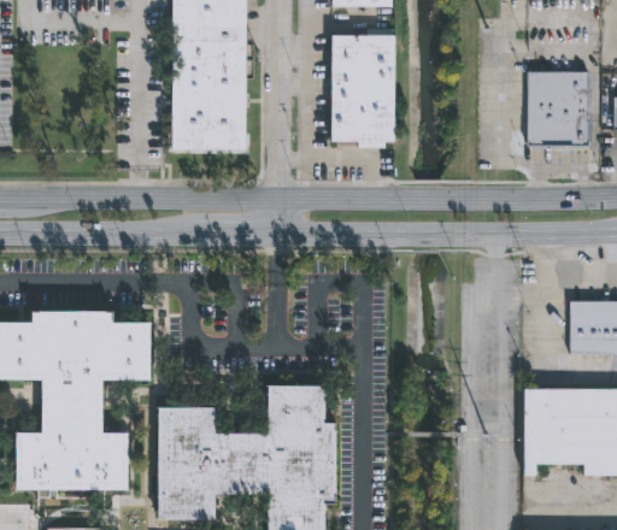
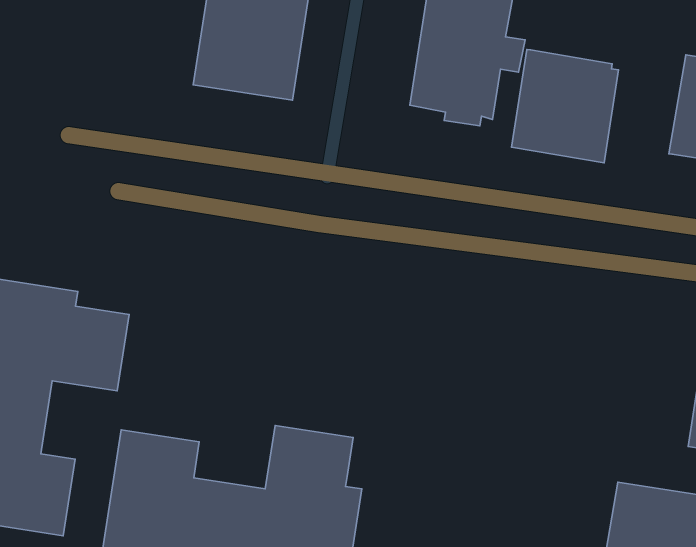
building: none -> [512,49,619,163]

